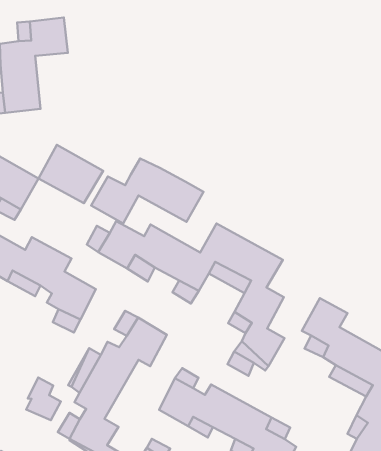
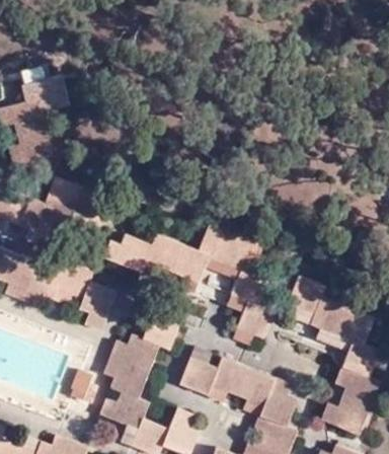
building: [91,158,203,223] -> none

